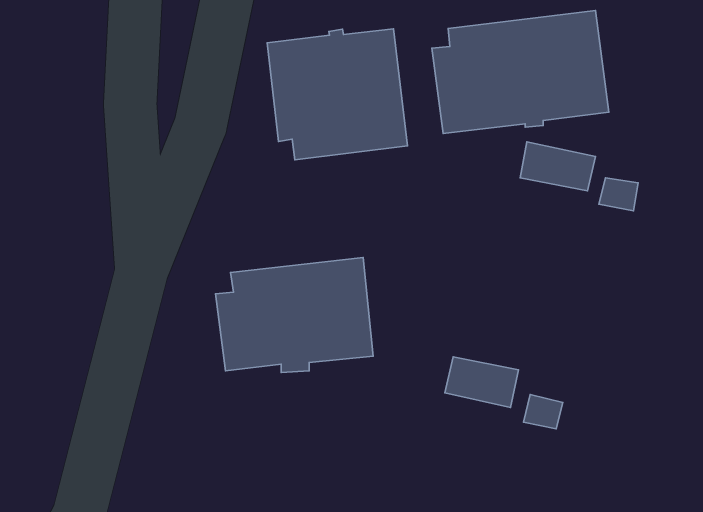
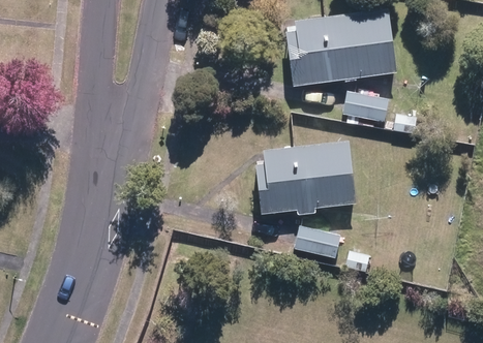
building: [267,29,407,160] -> none
building: [216,258,373,372] -> [256,142,356,214]

